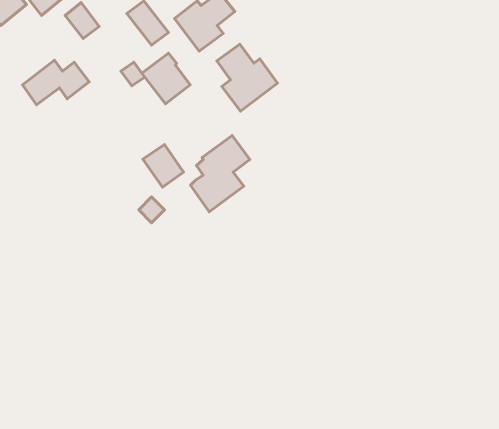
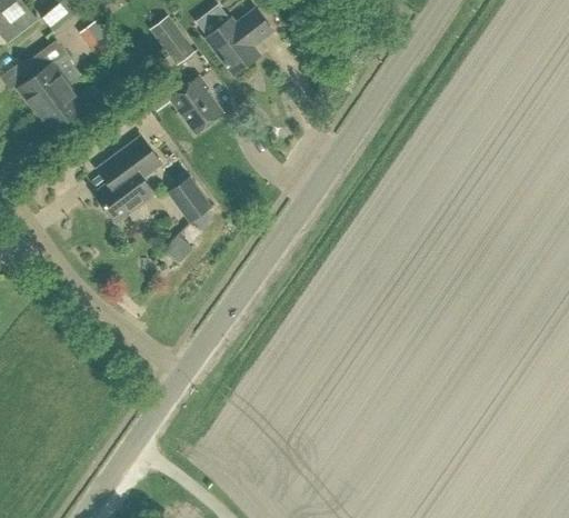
building: none -> [17,39,80,110]
building: [217,44,277,111] -> none
building: [190,136,250,212] -> [92,136,159,221]

